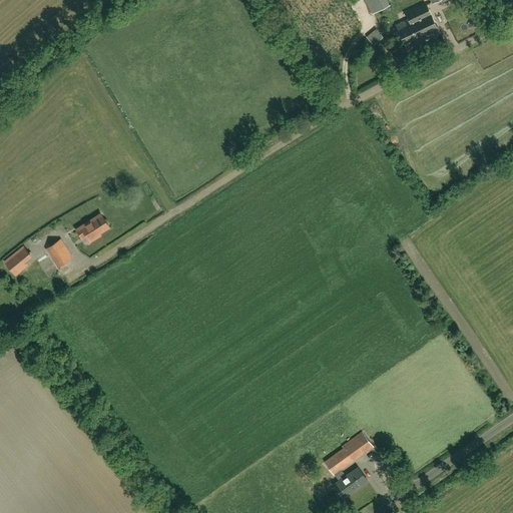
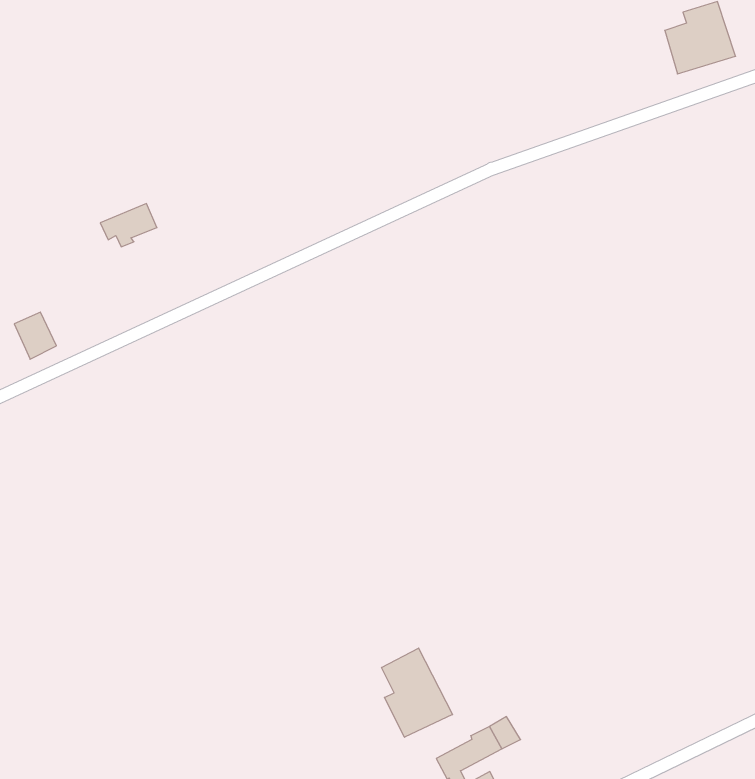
building: [76,214,109,241] -> [100,204,157,247]
building: none -> [382,648,453,737]

